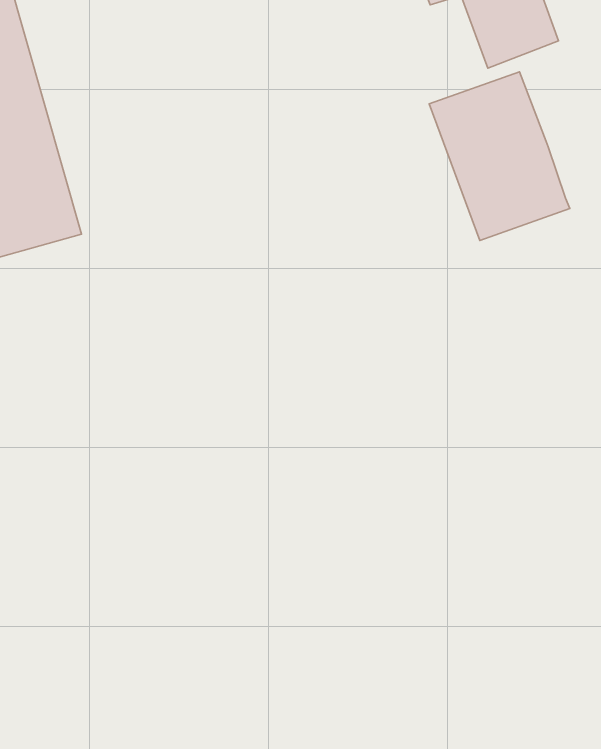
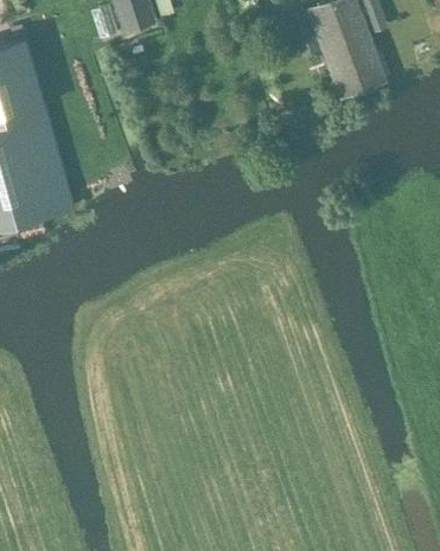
building: [429,72,570,241] -> none

